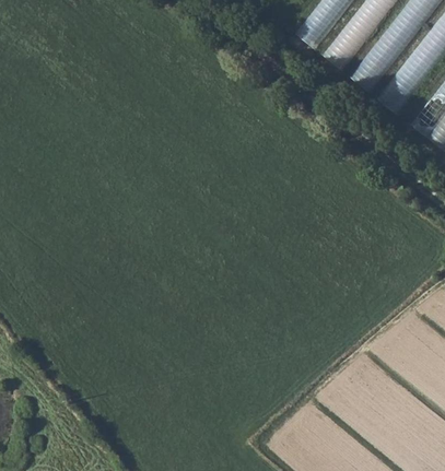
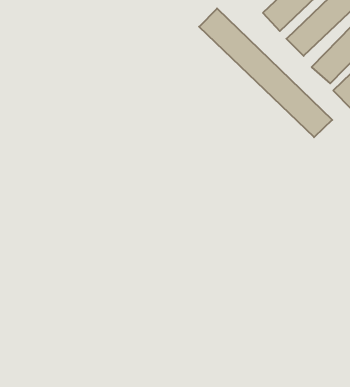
building: none -> [199,8,332,137]

